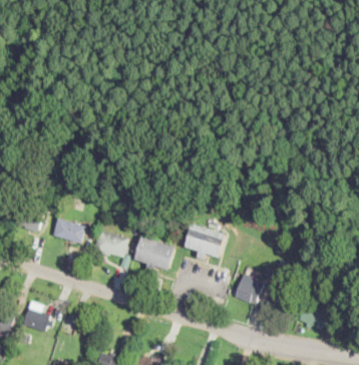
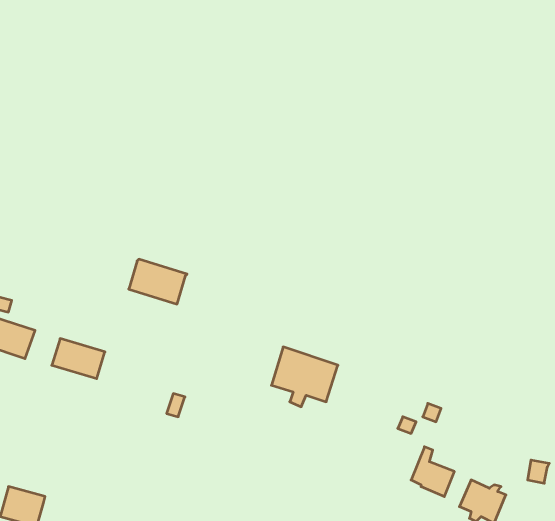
building: [93,230,128,257] -> [129,259,187,304]
building: [134,237,175,272] -> none
building: [234,282,261,303] -> none

